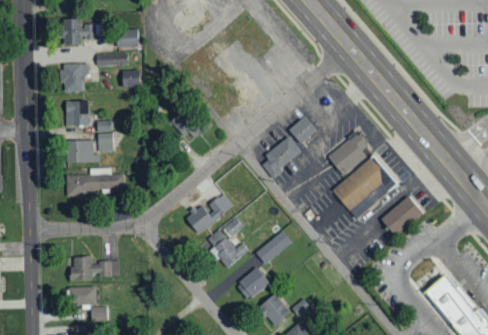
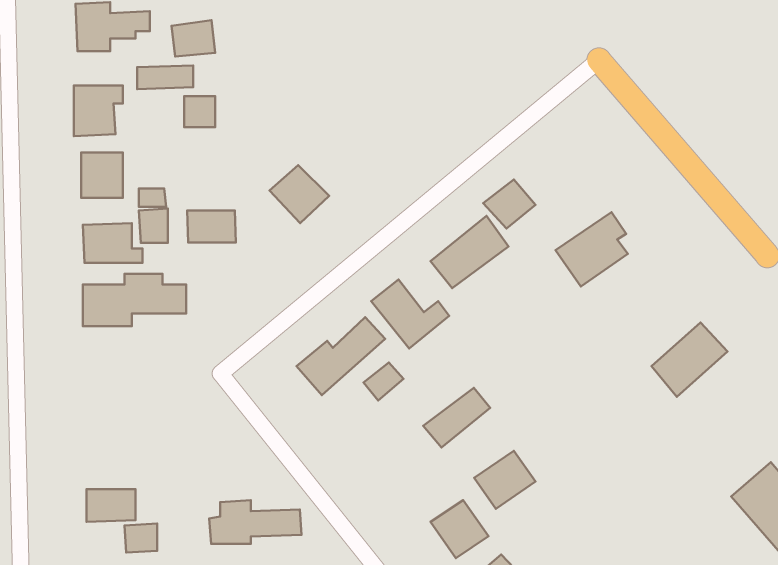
building: none -> [187,210,236,243]
building: [332,155,397,219] -> none
building: [206,230,249,268] -> [371,280,449,348]
building: [69,256,120,280] -> [209,500,302,544]
building: [236,267,270,299] -> [474,451,536,509]

